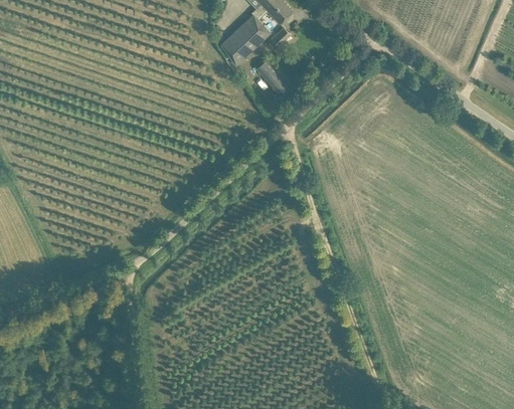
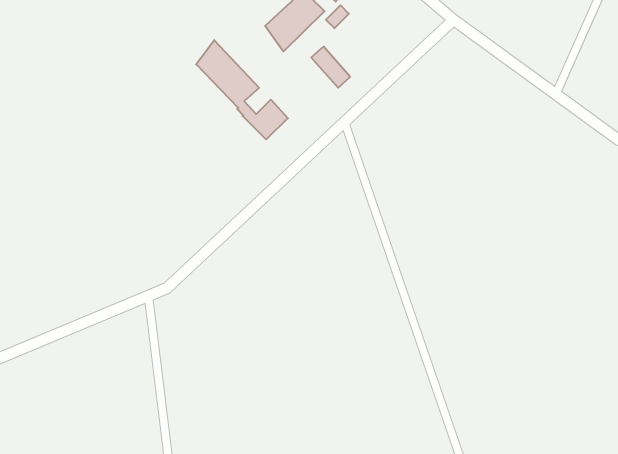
building: none -> [196,40,288,139]

